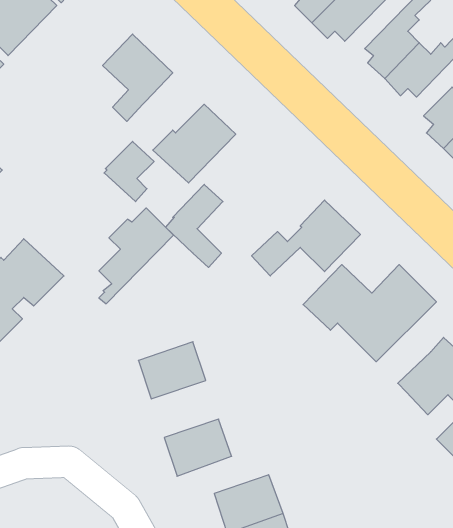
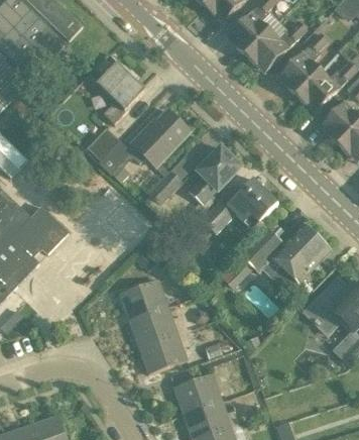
building: none -> [86,125,118,157]
building: [99,208,173,304] -> [189,147,241,215]
building: none -> [131,307,178,347]

